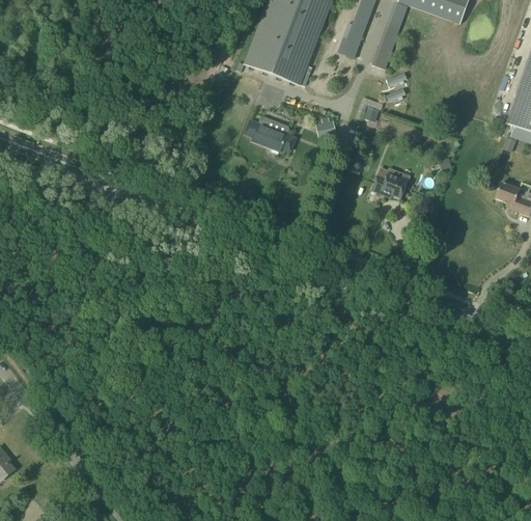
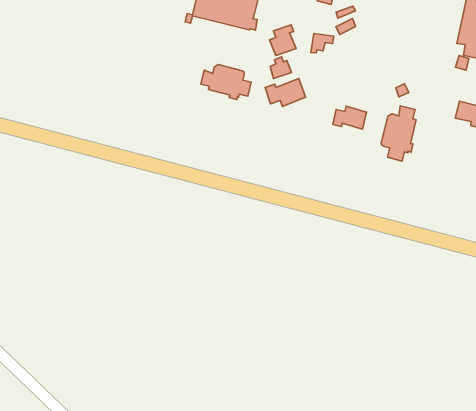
building: none -> [269,25,296,56]
building: none -> [265,79,306,106]
building: none -> [381,106,416,161]

